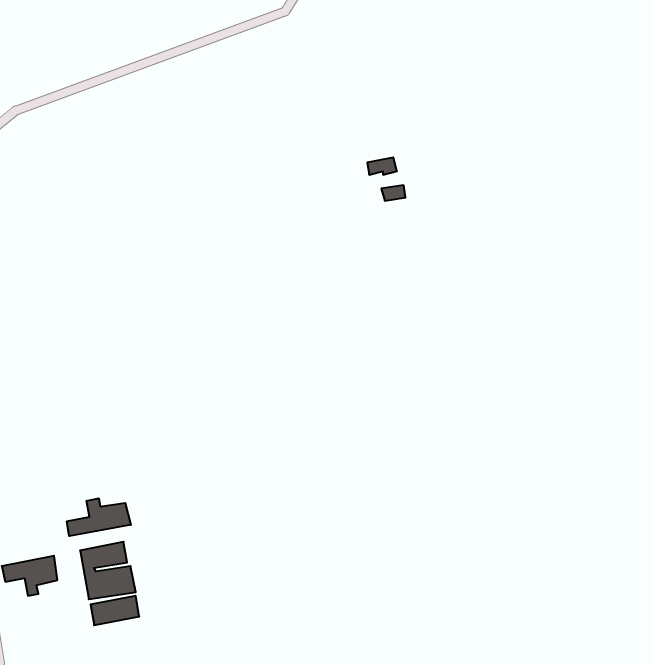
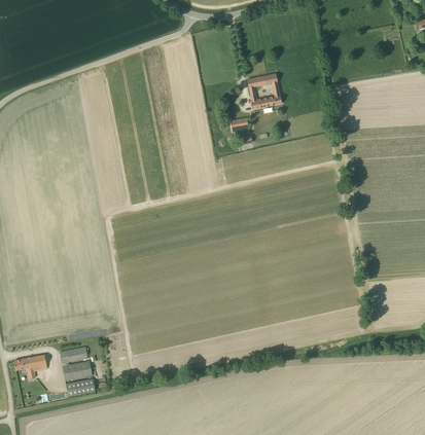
building: none -> [248,74,281,109]
building: [67,498,131,536] -> none

